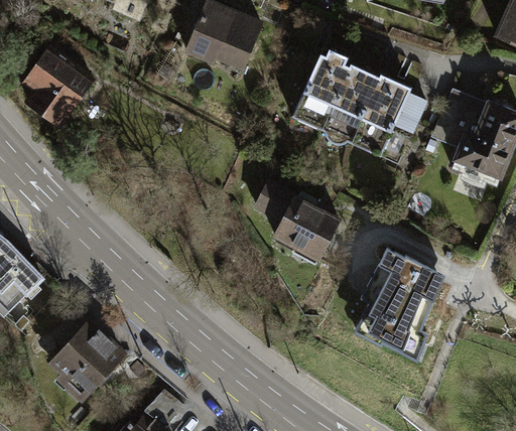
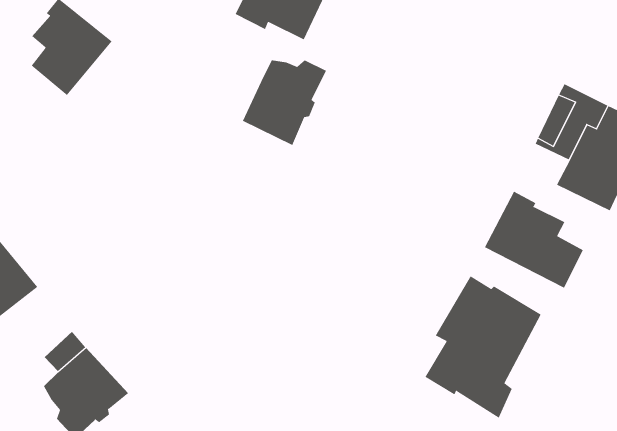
building: [292,51,426,164] -> none
building: none -> [242,59,327,146]
building: none -> [484,191,583,288]
building: [255,182,339,254] -> none

